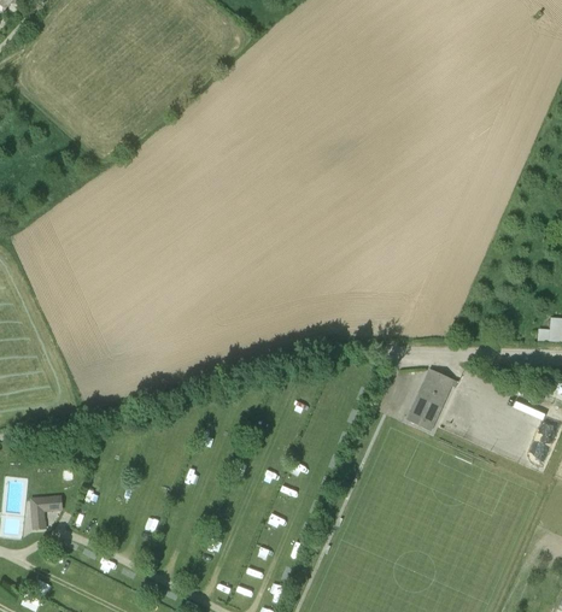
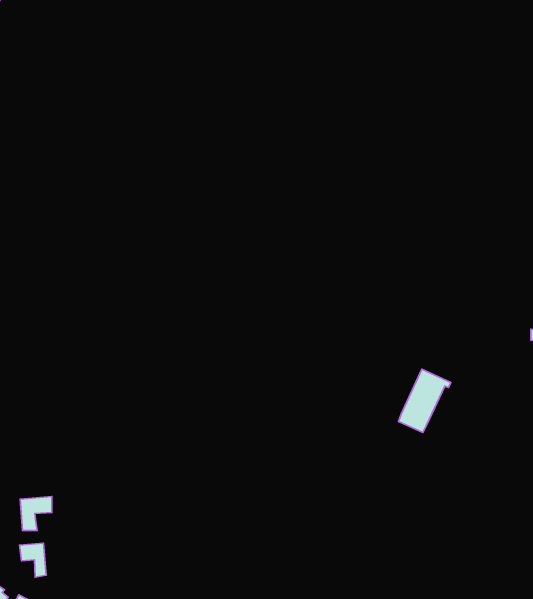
building: none -> [19,543,46,577]

